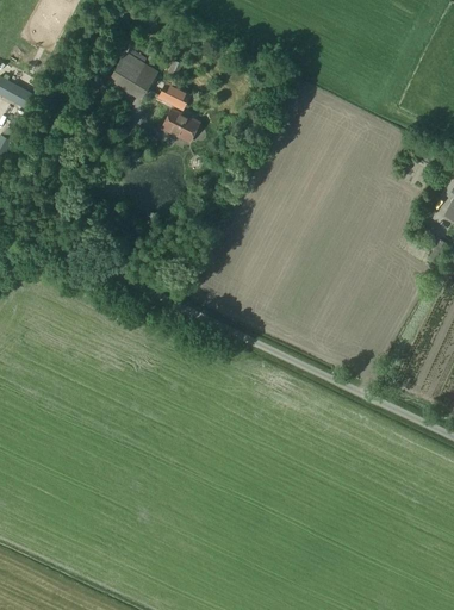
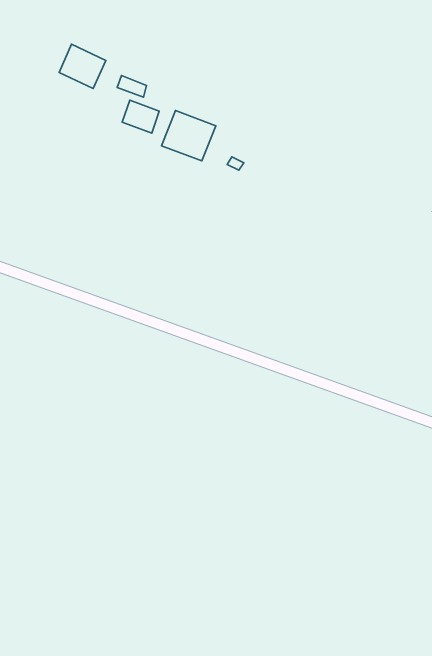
building: none -> [162,111,216,161]

